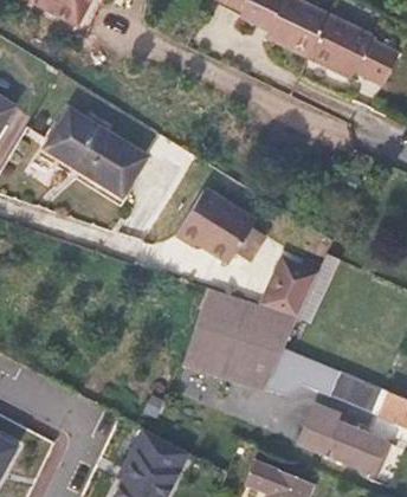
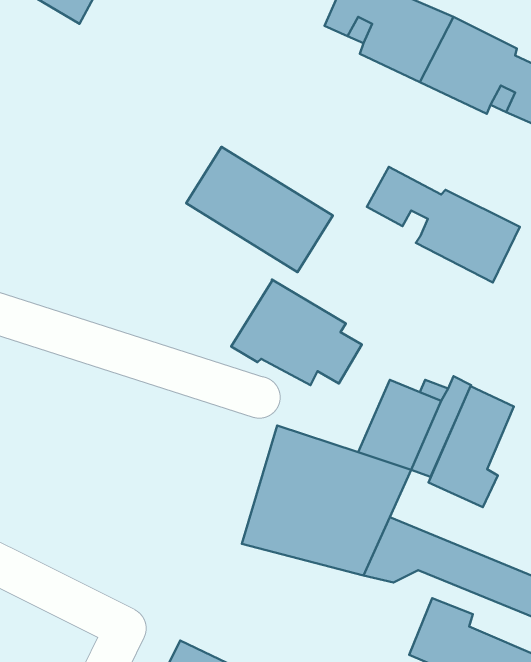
building: [44,109,142,193] -> [186,147,333,272]
building: none -> [367,167,520,283]
building: none -> [428,386,514,507]

